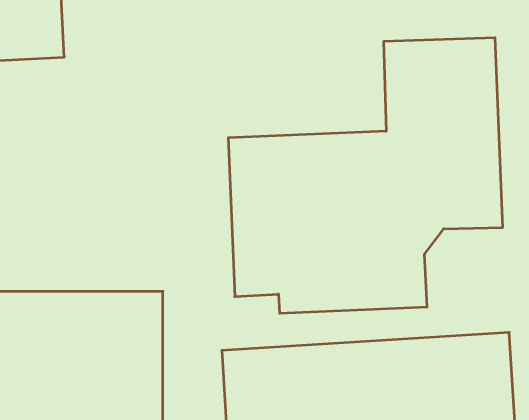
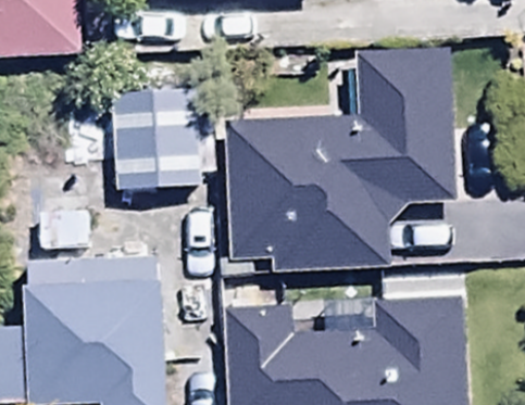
building: none -> [110,74,207,192]

